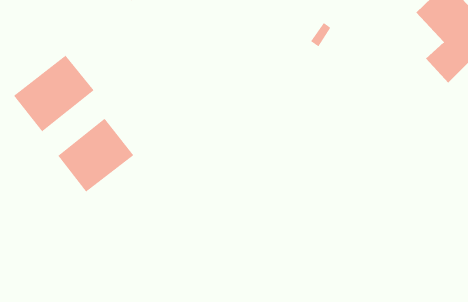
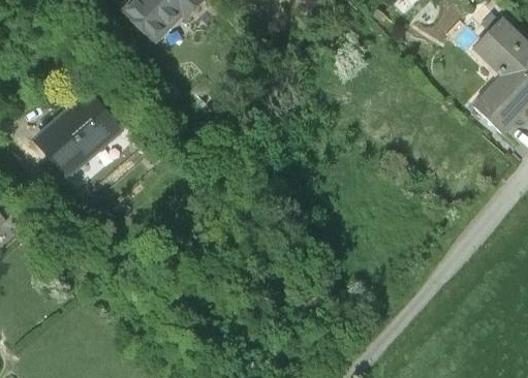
building: [58,118,134,193] -> none

